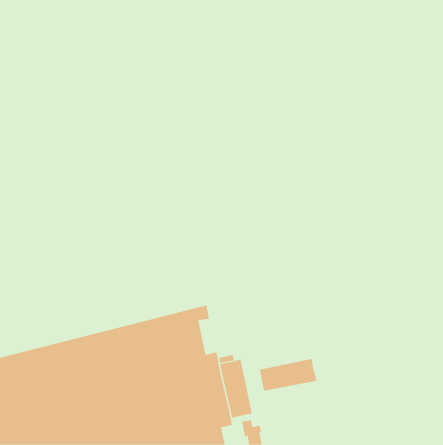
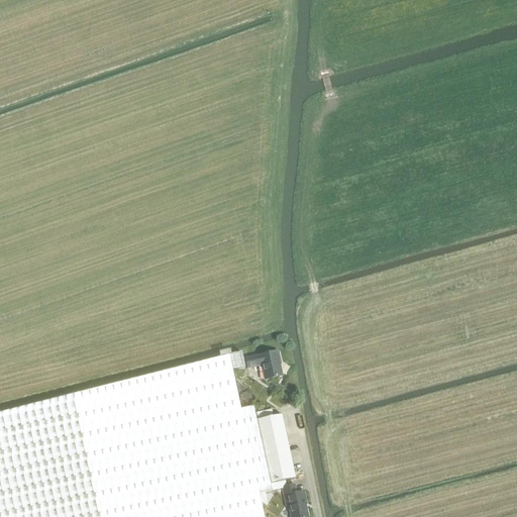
building: none -> [244,353,281,382]
building: [259,358,316,392] -> none

